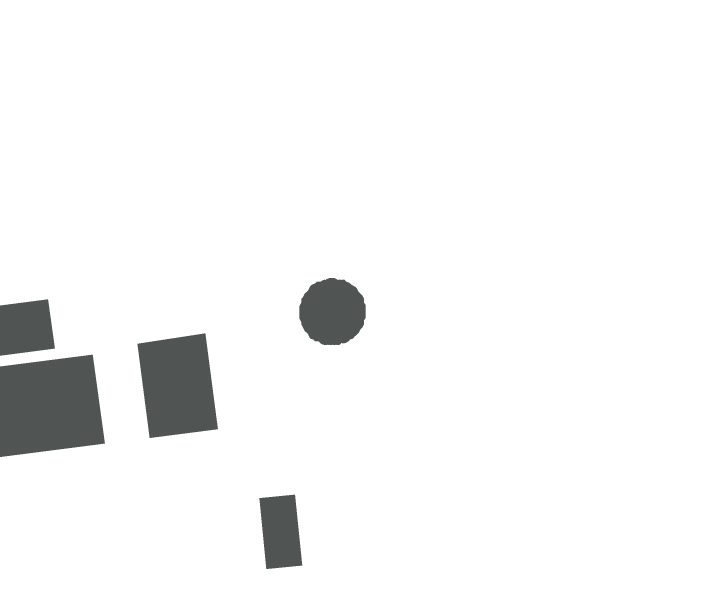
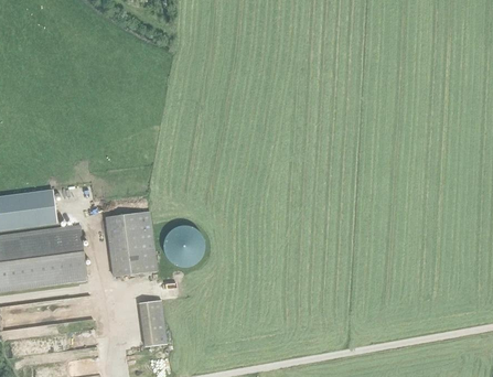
building: [299,277,367,345] -> [162,225,204,267]
building: [258,494,303,569] -> [140,304,168,351]

